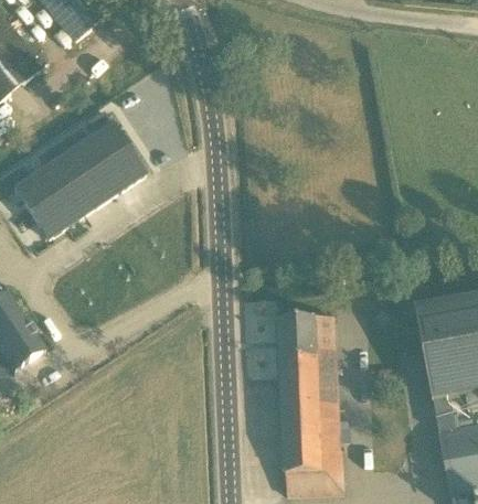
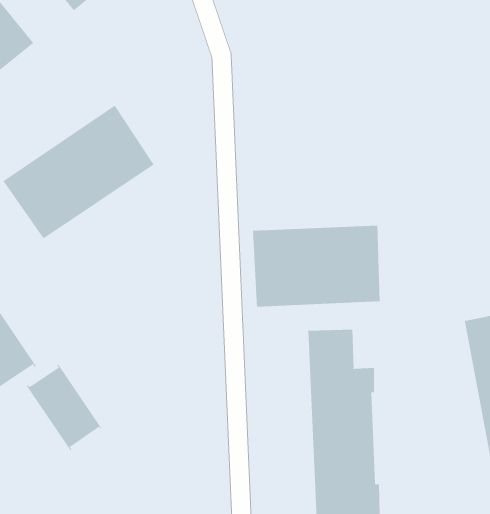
building: none -> [253,225,380,308]
building: none -> [26,364,103,451]

